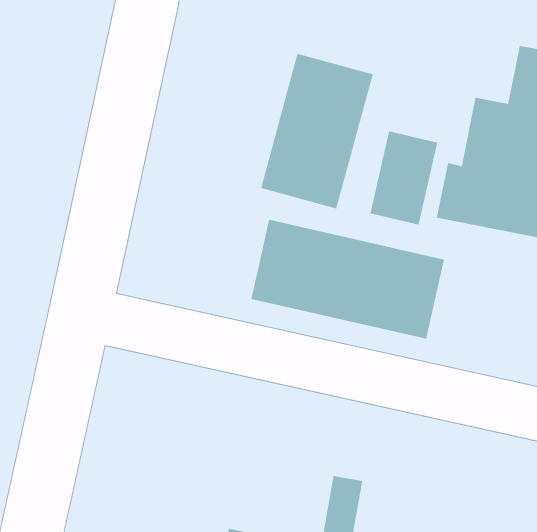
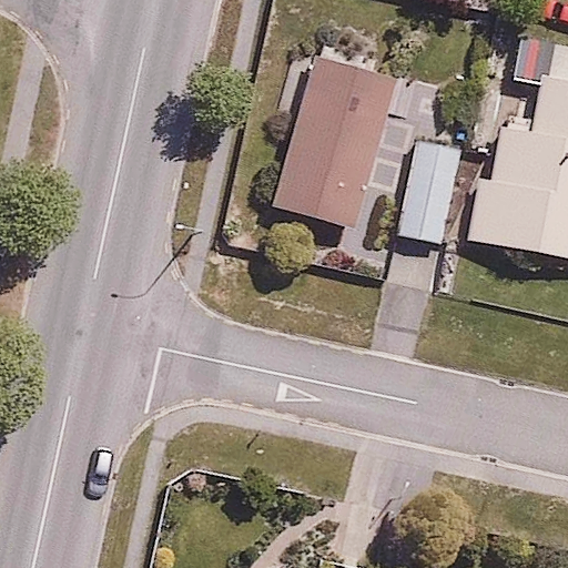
building: [250,219,445,340] -> none

